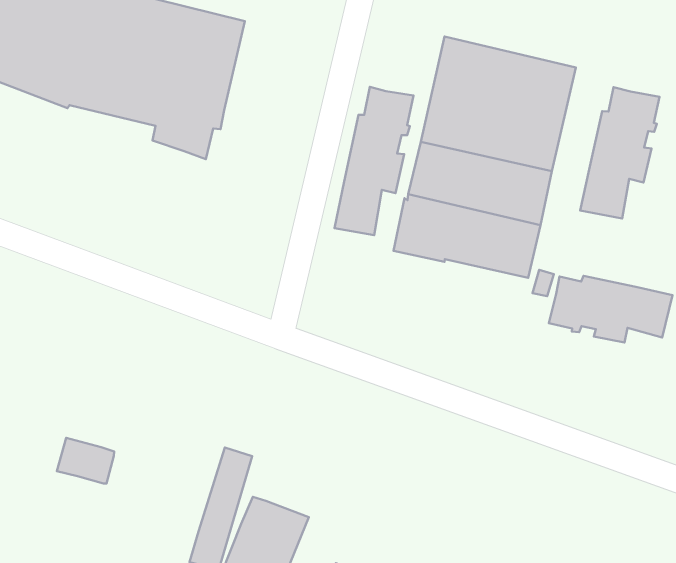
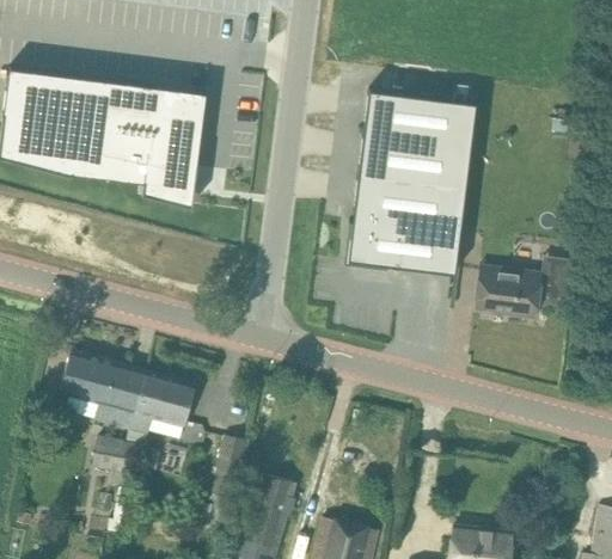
building: [334,87,413,235] -> none
building: [580,87,660,219] -> none
building: none -> [60,351,196,435]

